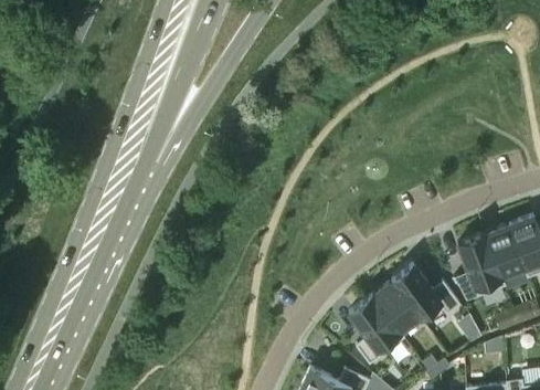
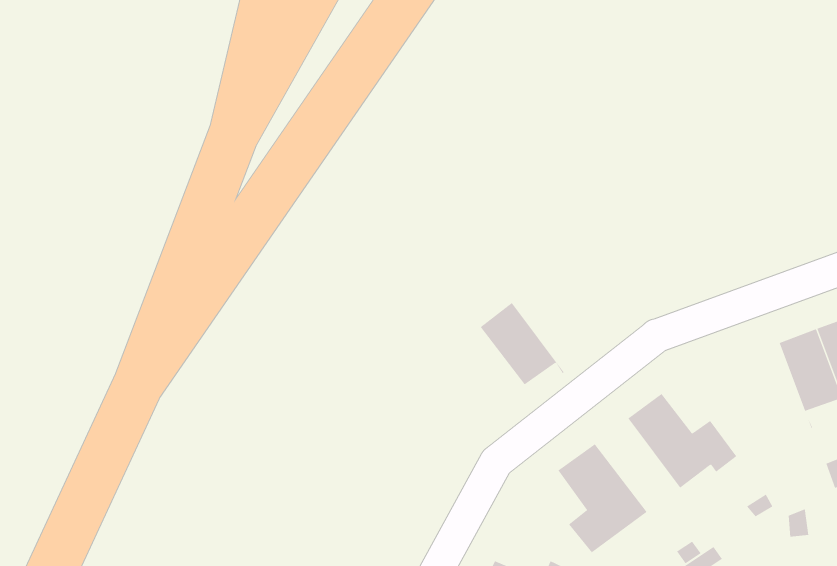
building: [457,235,505,298] -> none
building: [372,282,424,339] -> [480,302,564,396]

